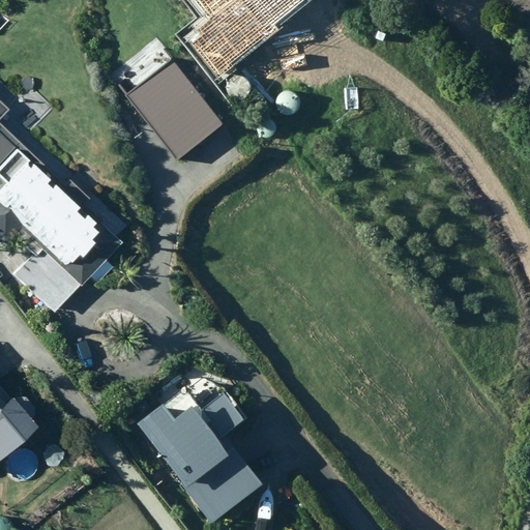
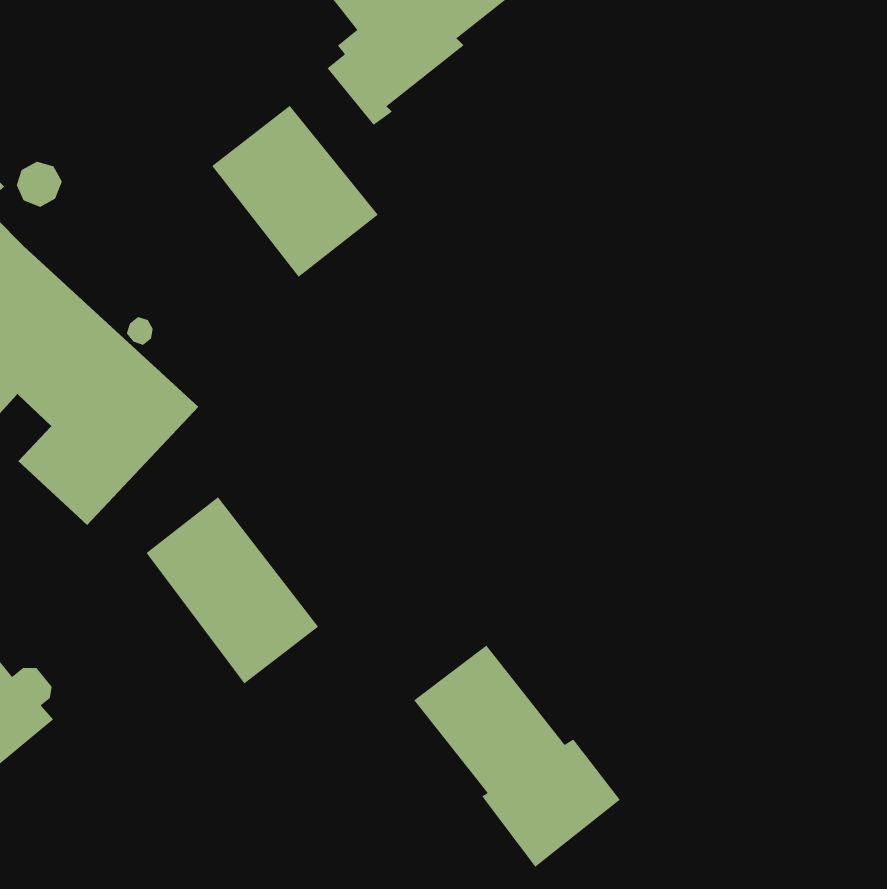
building: none -> [145,496,319,685]
building: [143,390,266,523] -> [413,644,621,868]

